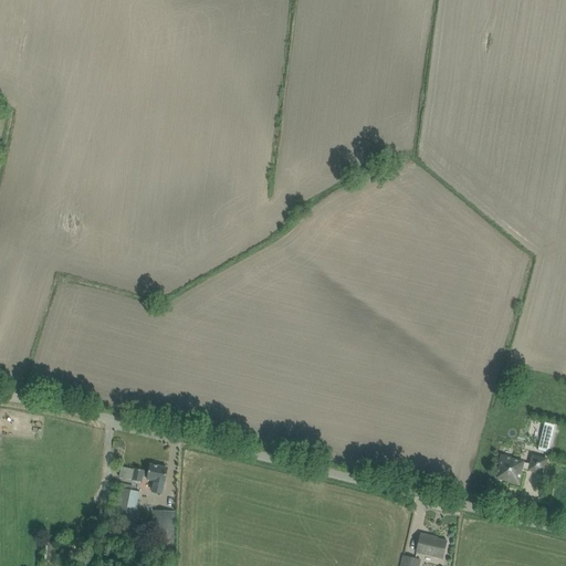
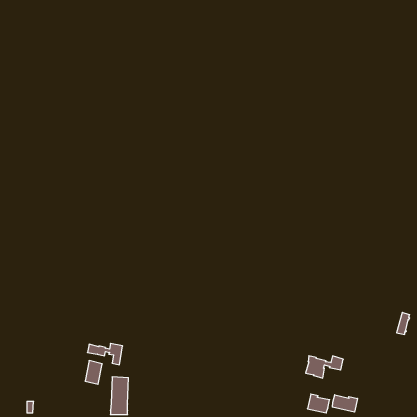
building: [495,454,546,484] -> [306,356,343,378]
building: none -> [332,395,357,412]

